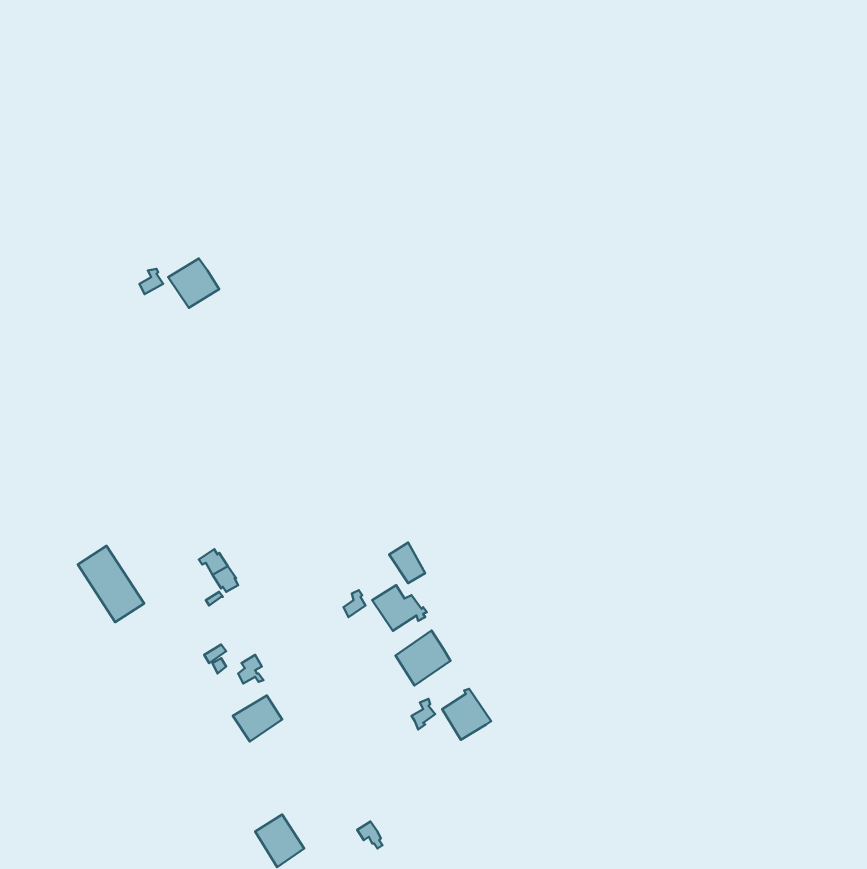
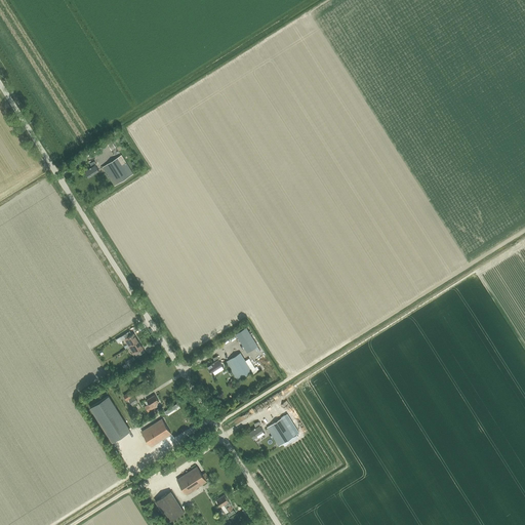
building: [78,546,144,622] -> [89,396,129,442]
building: [395,631,450,686] -> none
building: none -> [176,467,205,494]

